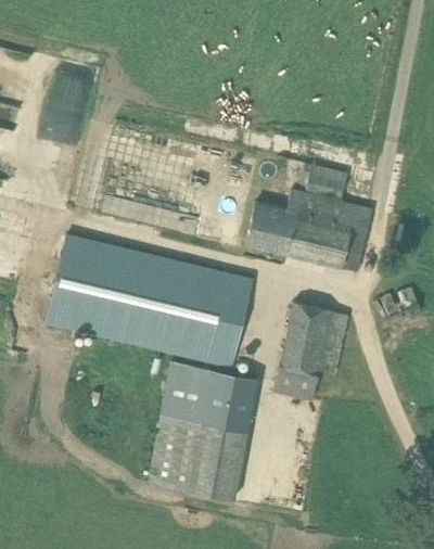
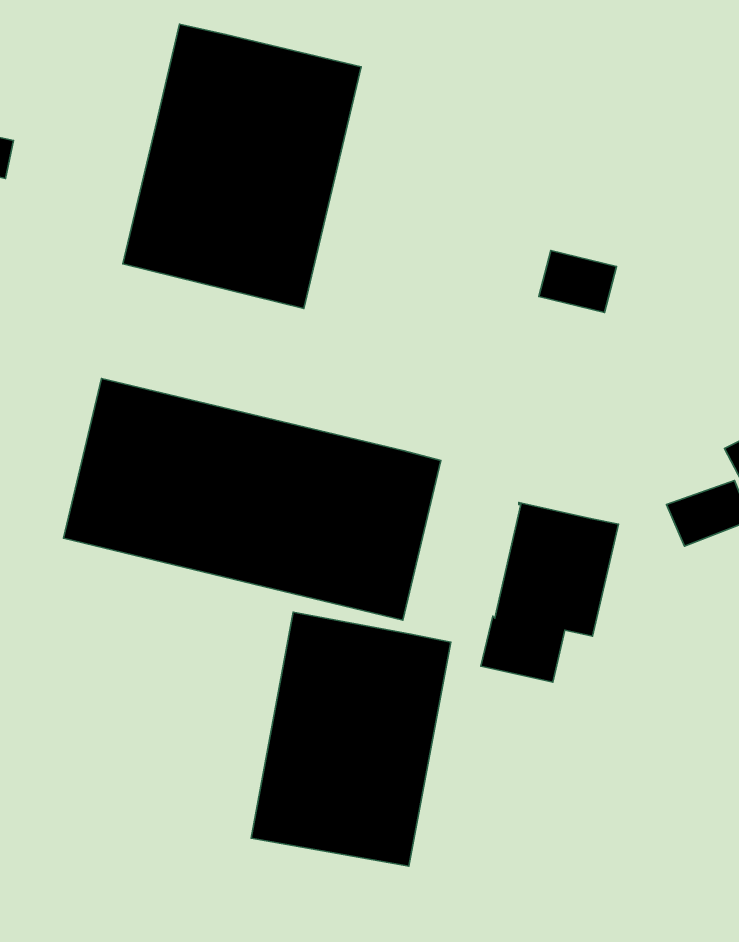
building: none -> [123,24,361,308]
building: [246,191,371,271] -> none

